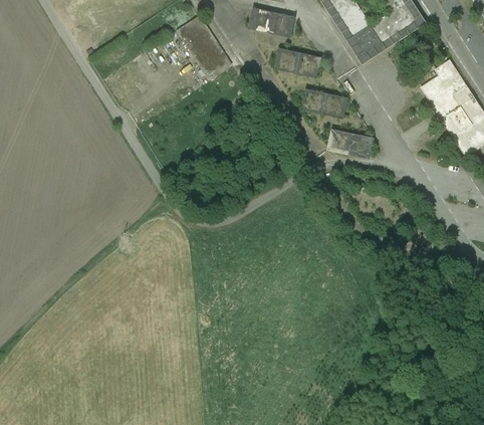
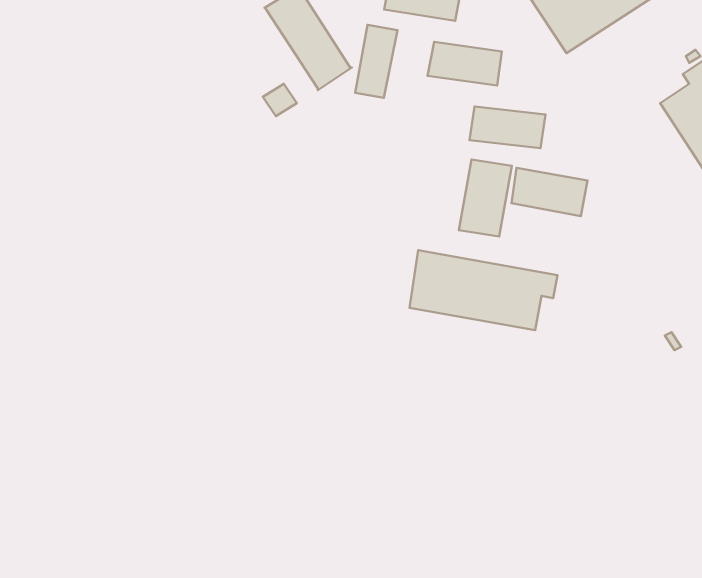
building: none -> [355,25,397,98]
building: none -> [459,160,512,236]
building: none -> [410,250,557,330]

